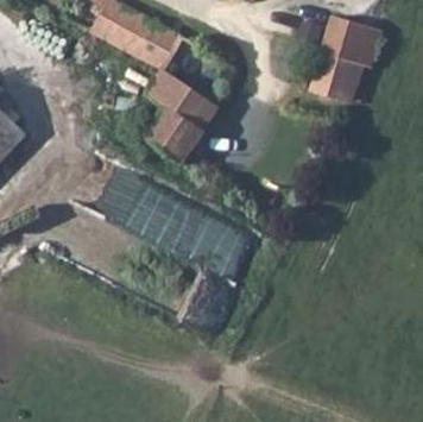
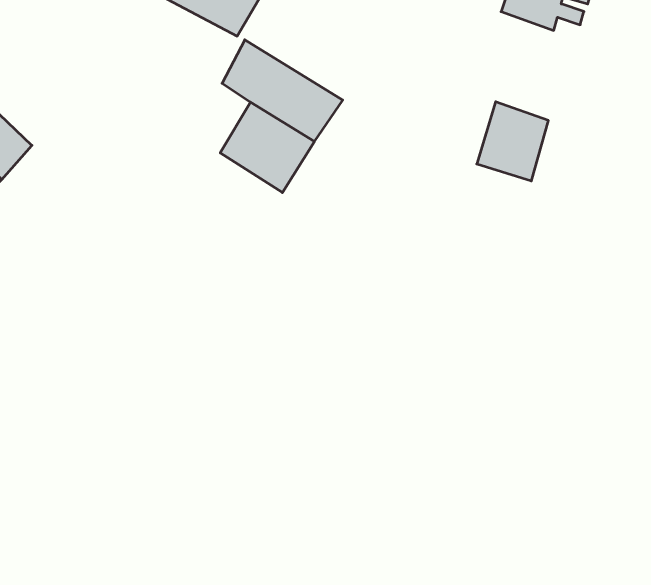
building: [309,50,354,100] -> [477,102,548,181]

